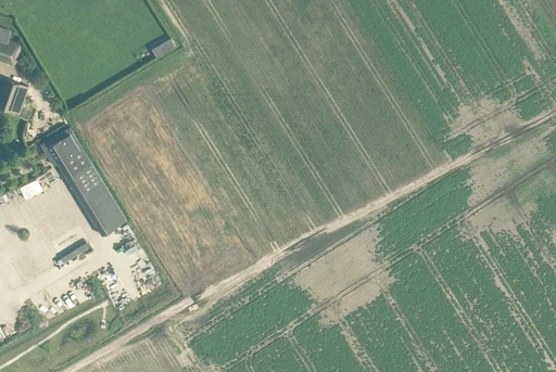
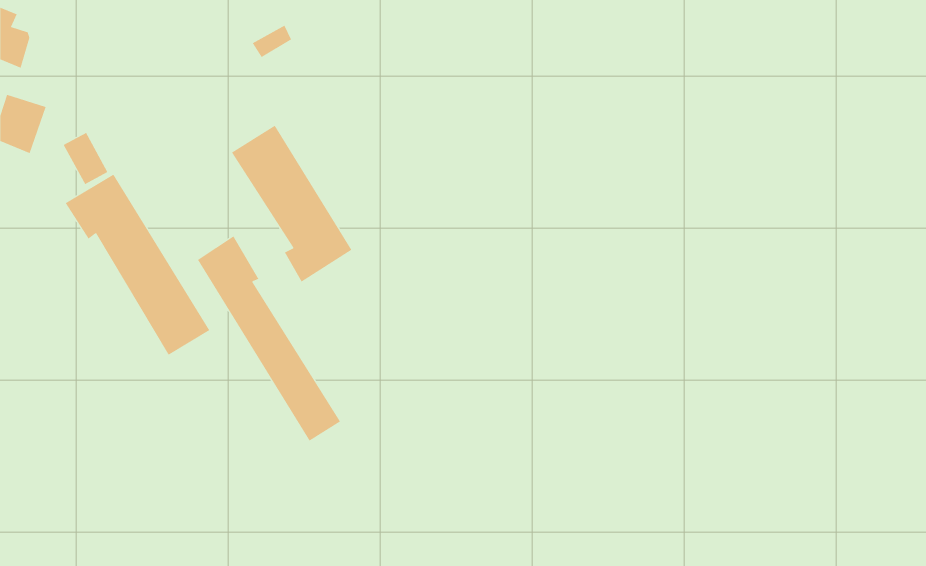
building: none -> [231,125,352,282]
building: none -> [197,236,341,442]

